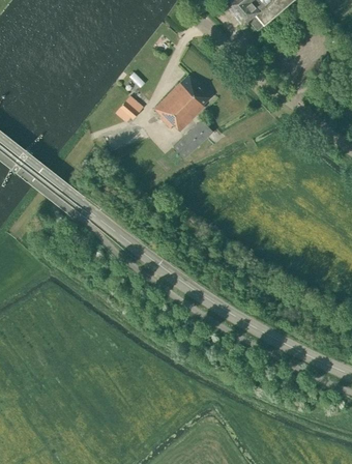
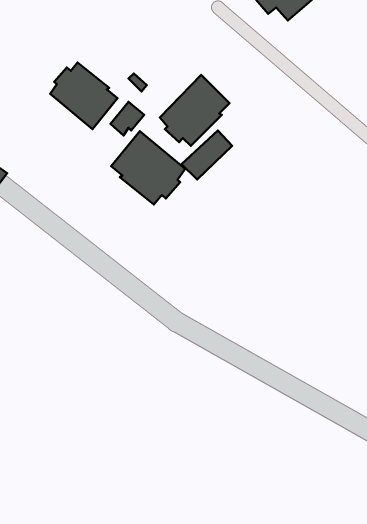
building: none -> [50,62,118,129]
building: none -> [111,131,185,205]

